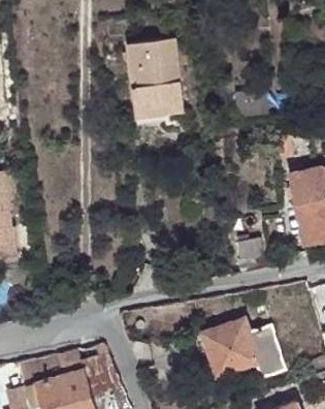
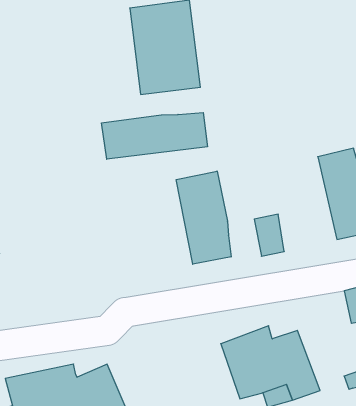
building: none -> [102,113,207,159]
building: none -> [176,171,231,264]

